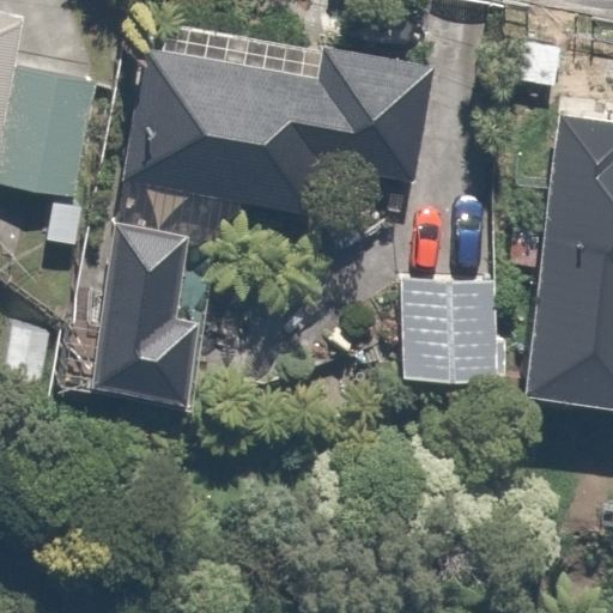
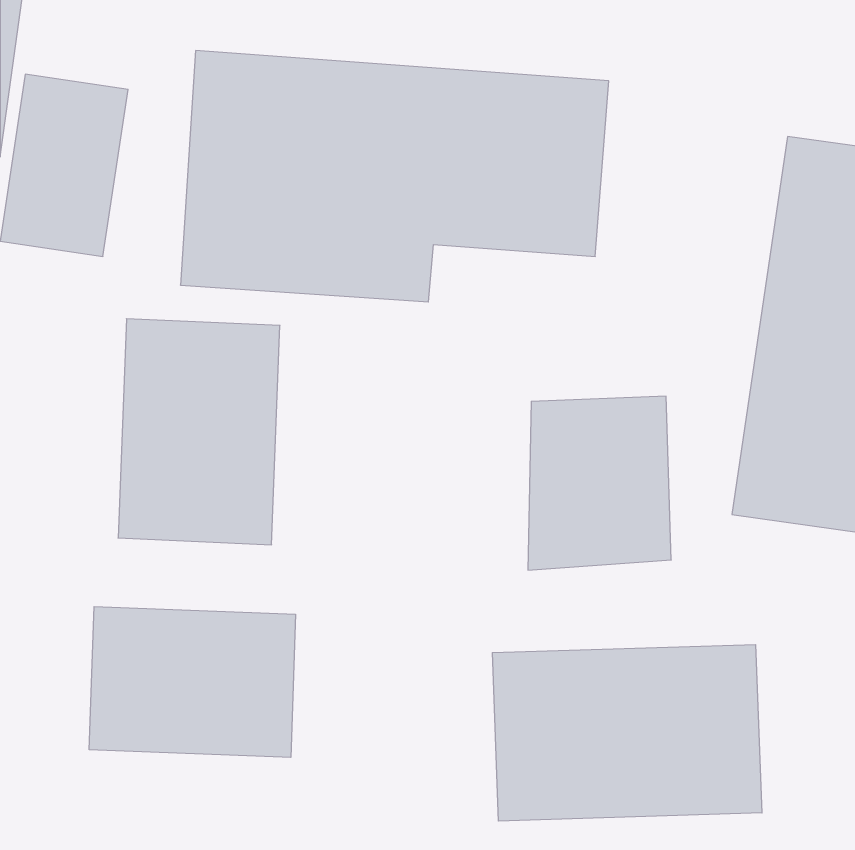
building: none -> [89,607,295,757]
building: none -> [492,645,762,821]

